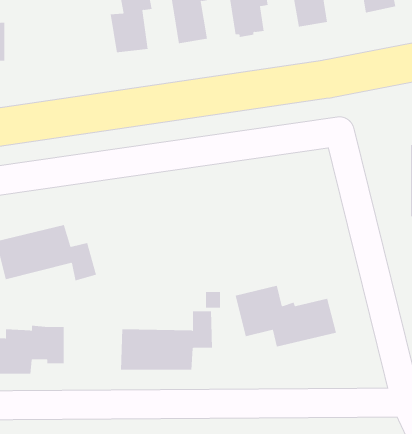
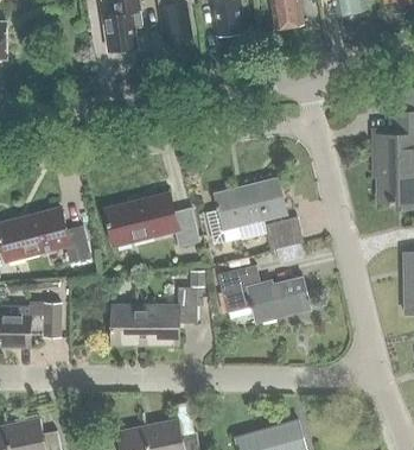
building: none -> [206,178,287,245]
building: none -> [106,194,200,247]
building: none -> [266,217,305,251]

